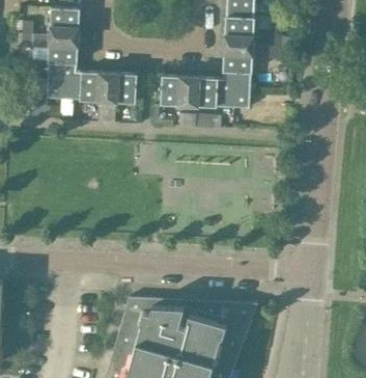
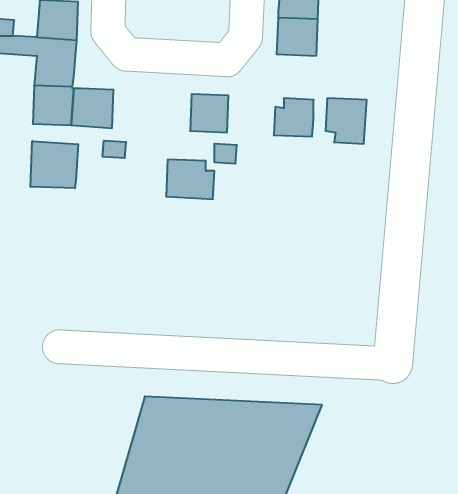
building: [223,48,253,81] -> [326,98,367,144]
building: [104,74,136,103] -> none
building: [188,78,223,107] -> [166,160,214,199]
building: none -> [31,141,78,188]

